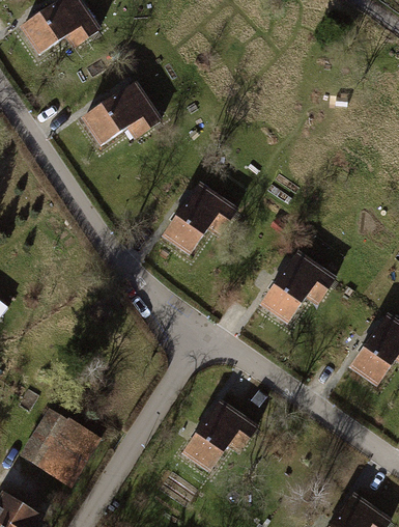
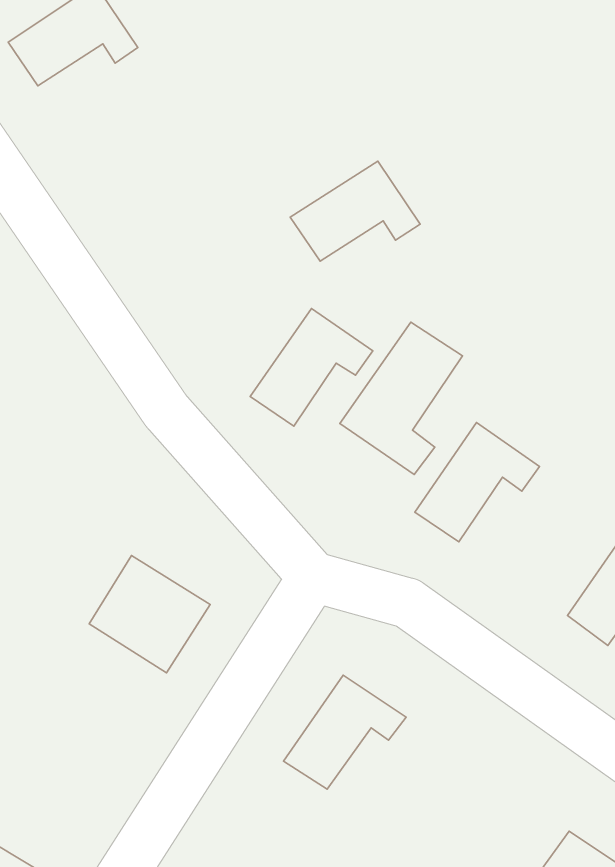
building: [83,84,160,143] -> [290,161,420,261]
building: none -> [340,322,463,475]
building: [26,413,97,482] -> [89,555,210,673]

